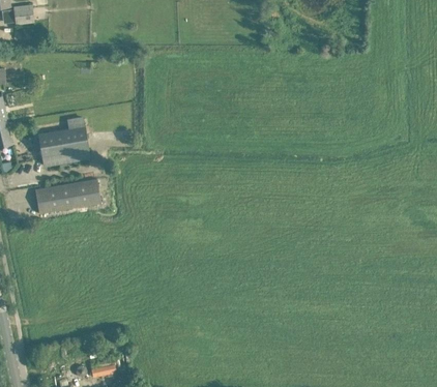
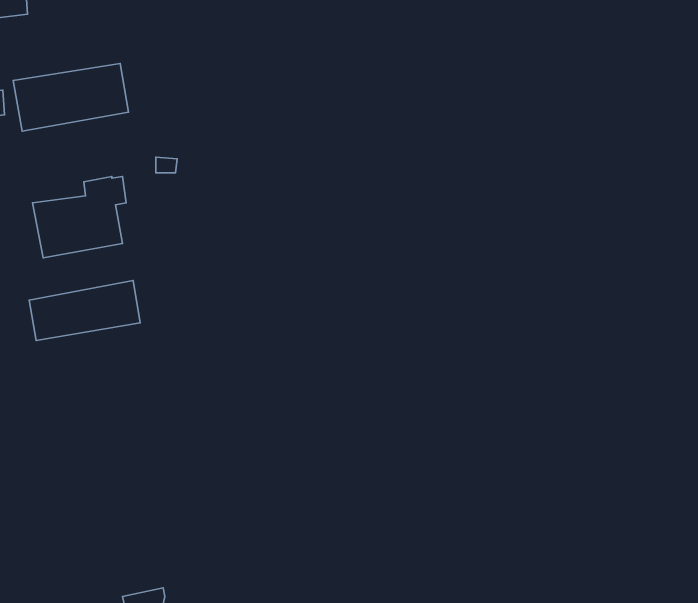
building: none -> [13,64,129,131]

